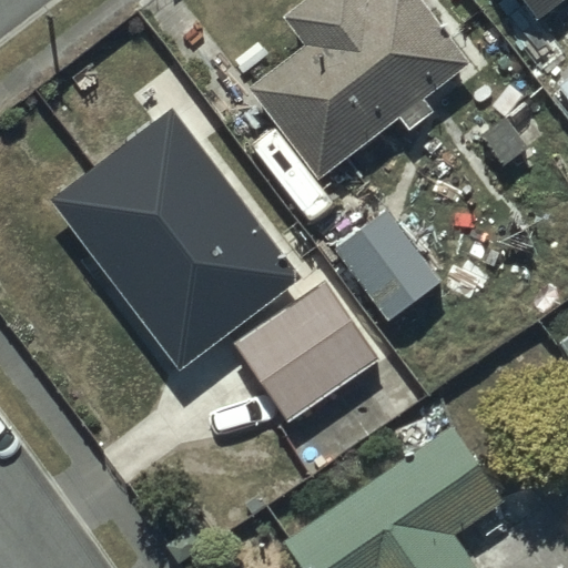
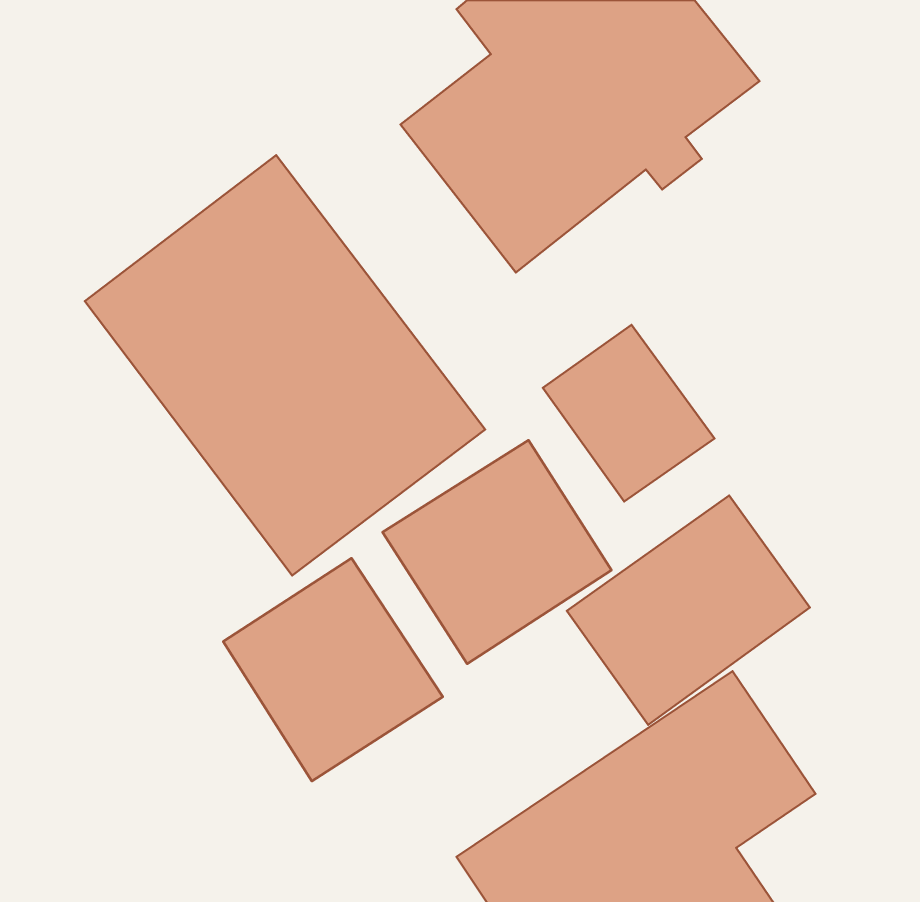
building: none -> [567,496,810,725]
building: none -> [223,558,443,781]

